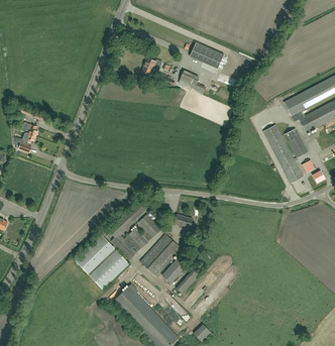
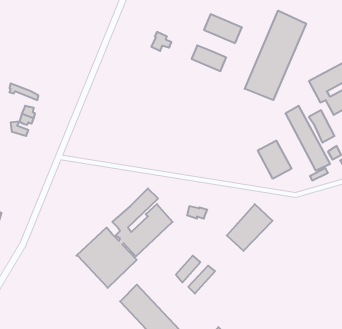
building: none -> [245,11,306,100]
building: none -> [258,141,291,179]
building: [140,233,182,275] -> [227,204,273,251]

